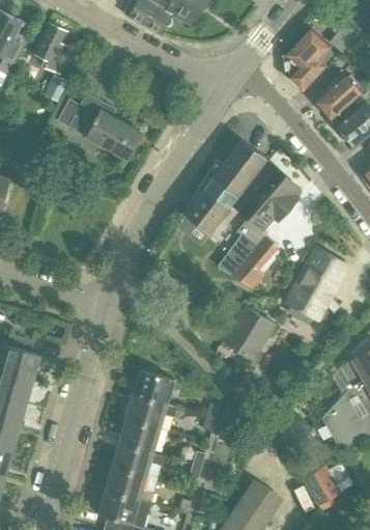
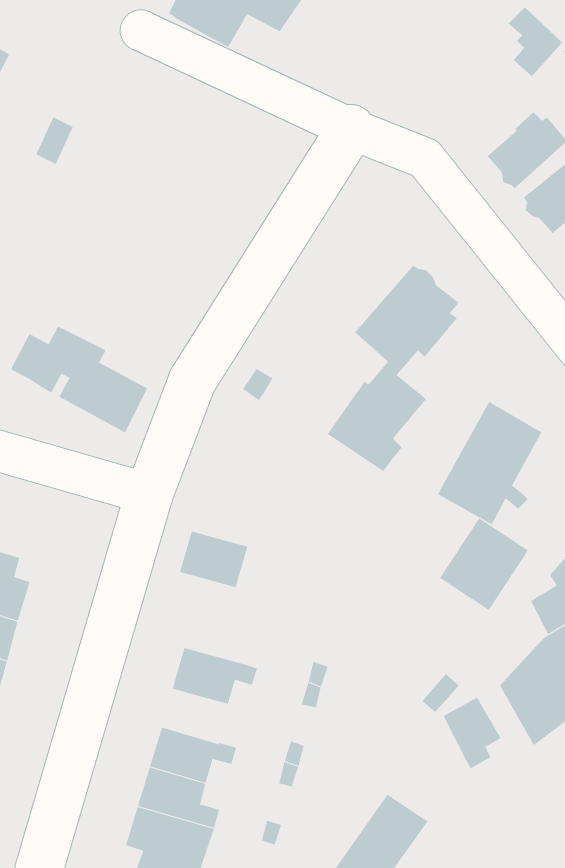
building: [34,23,72,74] -> none
building: [283,30,334,89] -> none
building: [58,93,141,159] -> [10,324,148,433]
building: [184,139,267,233] -> none
building: [223,306,277,362] -> [439,518,529,611]
building: [133,370,174,405] -> [179,531,248,588]
building: [119,420,160,453] -> none
building: [305,469,340,512] -> [443,697,502,769]

